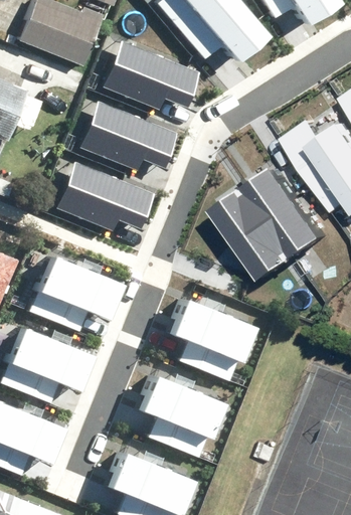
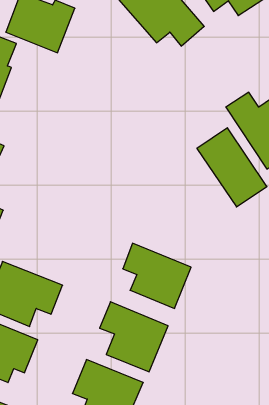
building: [102,39,200,109] -> none
building: [78,99,176,168] -> none
building: [54,161,151,229] -> none
building: [223,186,305,280] -> none
building: [24,256,118,336] -> none

